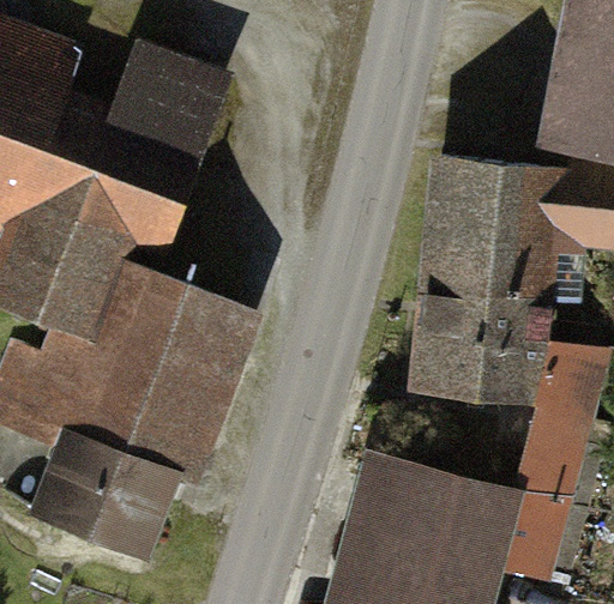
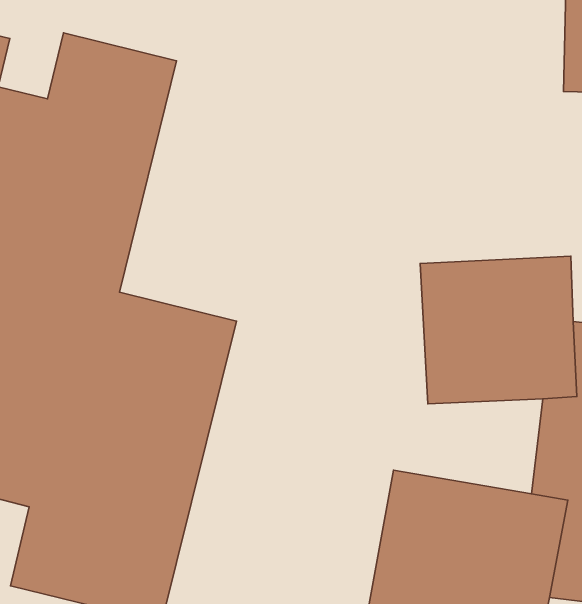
building: [417,157,552,288] -> none

